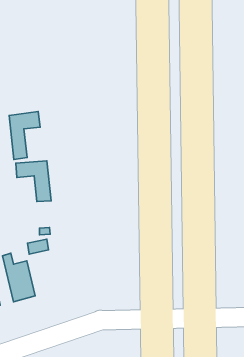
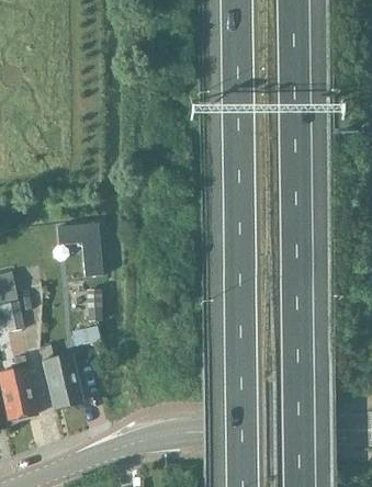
building: [9,112,40,159] -> none

